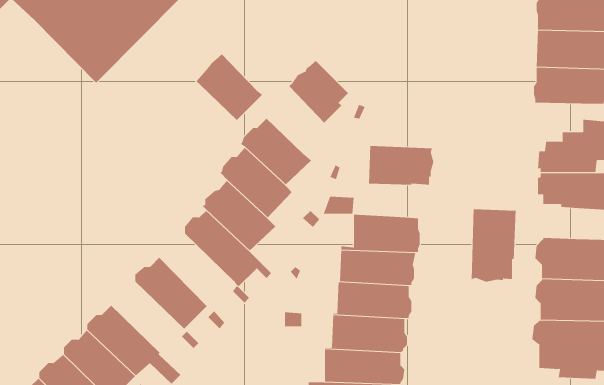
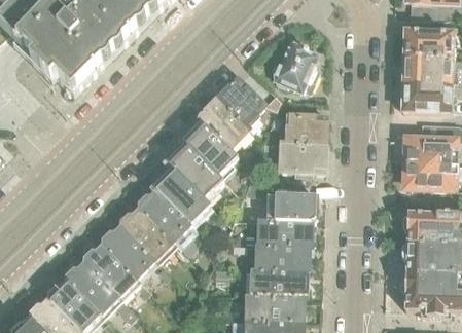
building: none -> [272,40,317,90]
building: [196,54,263,121] -> [199,98,249,148]
building: none -> [279,115,327,144]
building: [471,209,516,283] -> none
building: none -> [121,208,177,262]
building: none -> [85,244,140,297]

